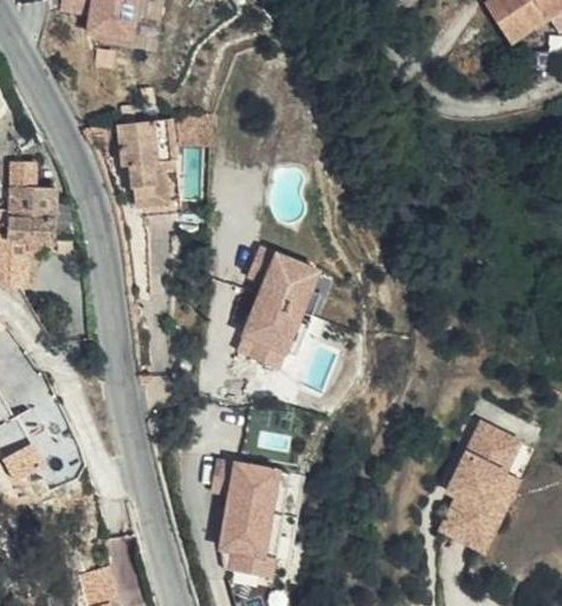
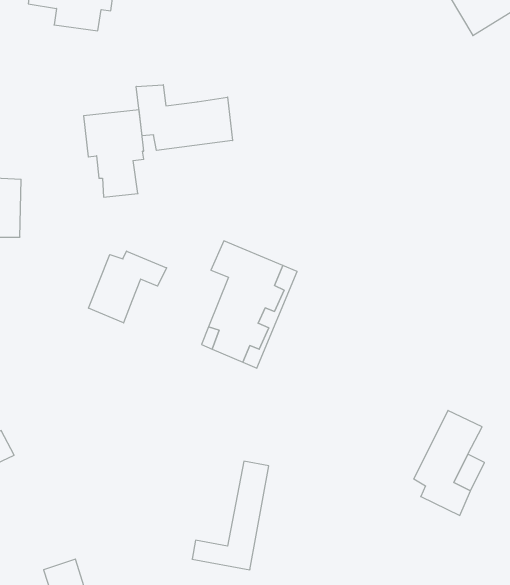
building: none -> [136,85,233,150]
building: none -> [89,251,167,323]
building: [217,460,277,554] -> none
building: [443,504,493,547] -> none

